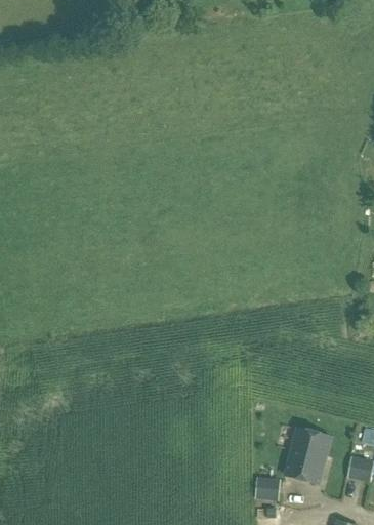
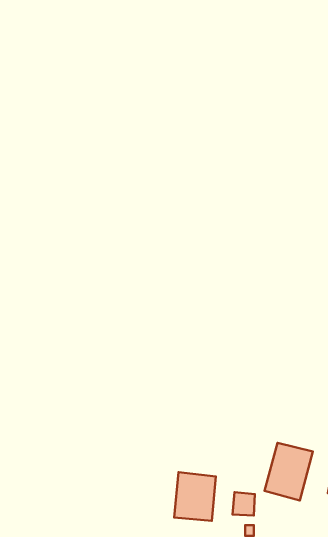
building: none -> [174,472,216,521]

